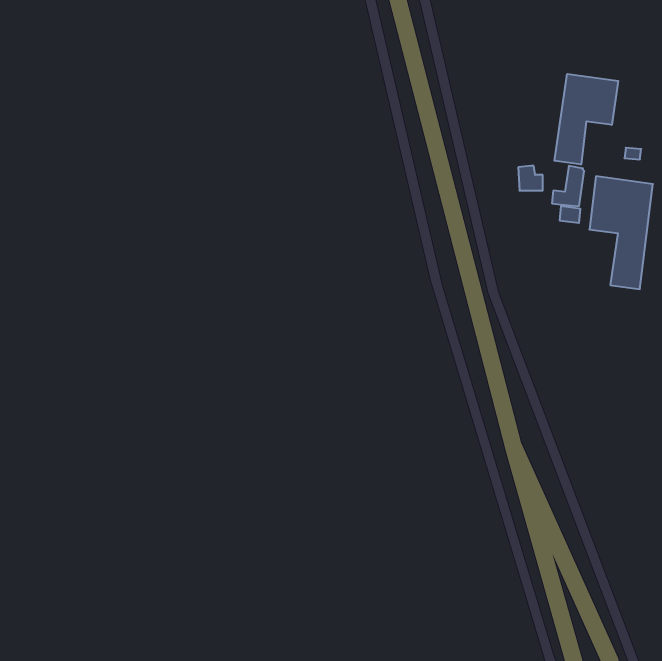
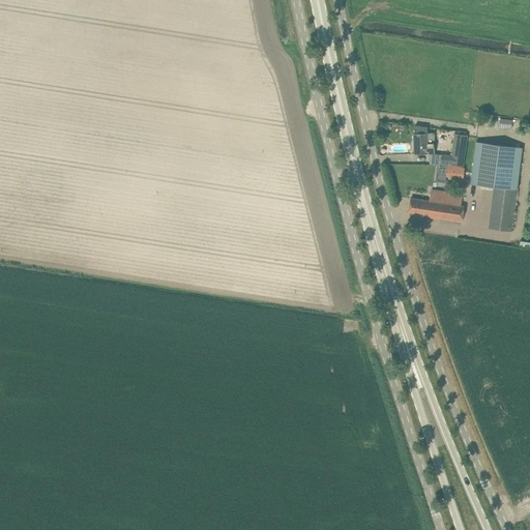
building: [554,74,618,165] -> none
building: none -> [408,190,464,222]

